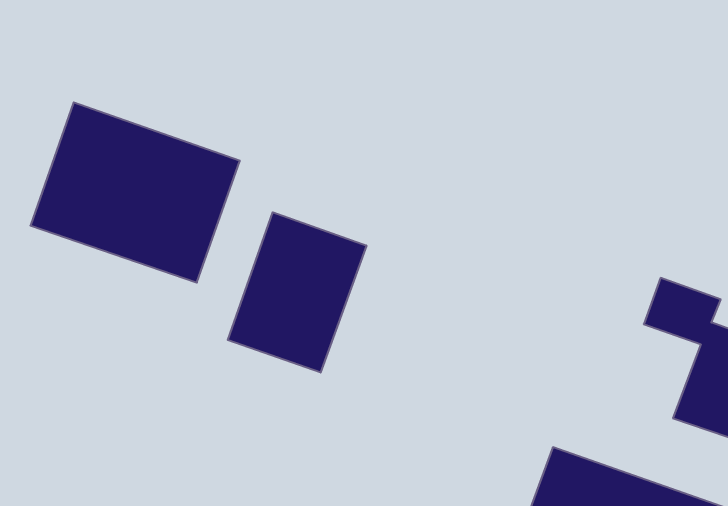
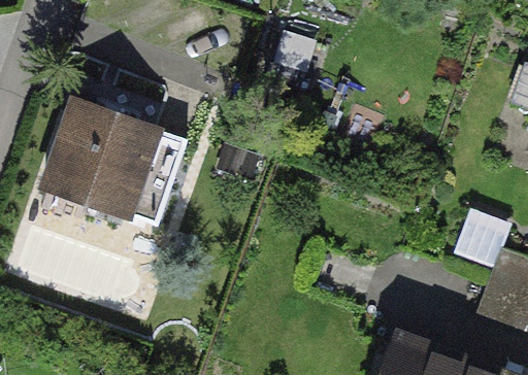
building: [228,212,366,373] -> none

